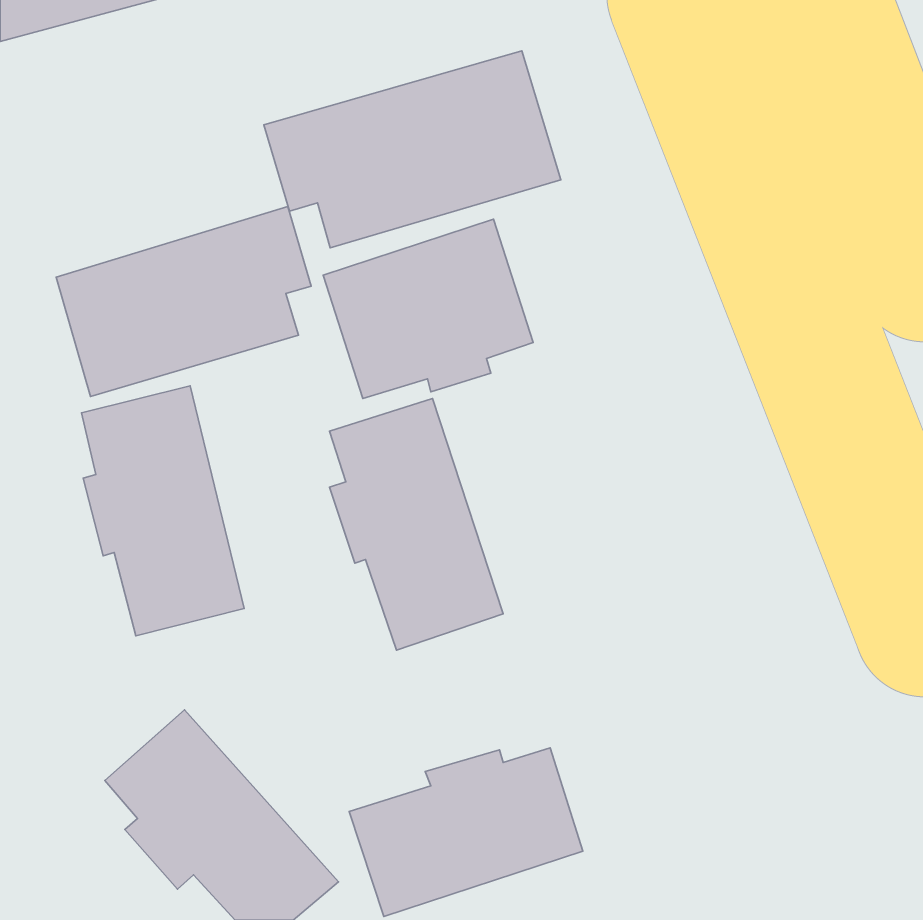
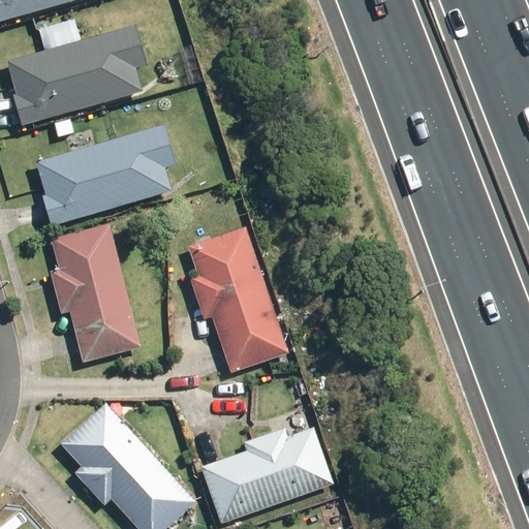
building: none -> [5,27,146,126]
building: [264,51,561,248] -> none
building: [323,219,533,398] -> none

